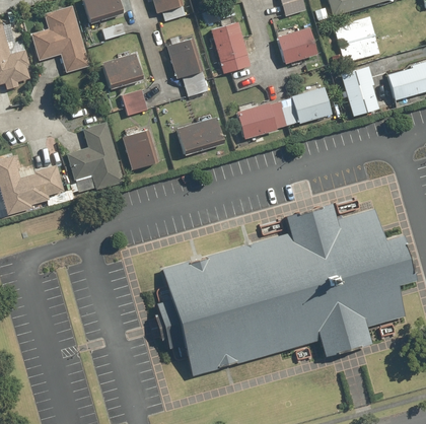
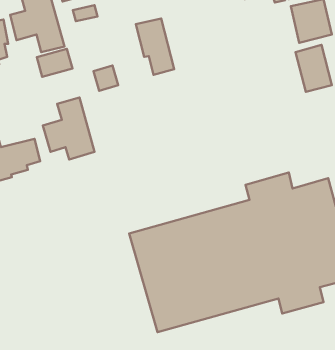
building: [210,22,251,74] -> none
building: [277,27,317,65] -> none
building: [102,53,141,83] -> [37,49,72,77]
building: [236,87,332,138] -> none
building: [175,115,222,151] -> none
building: [123,128,159,170] -> none

